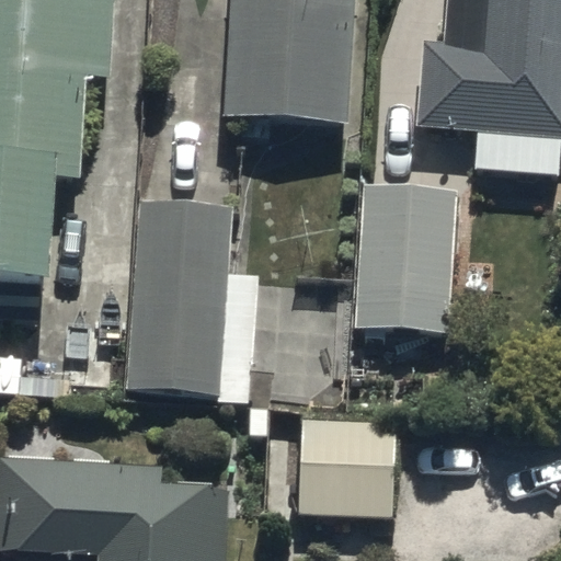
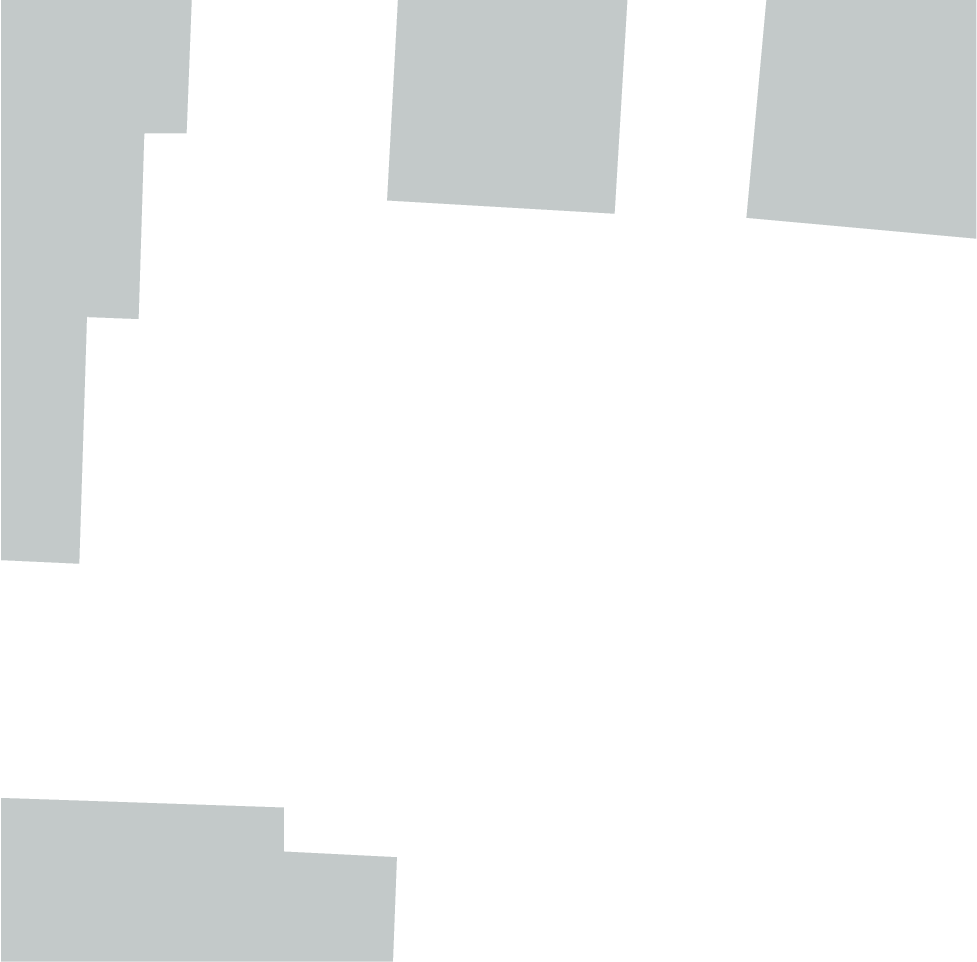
building: [352,186,457,334] -> none
building: [125,197,255,402] -> none
building: [296,417,391,520] -> none

